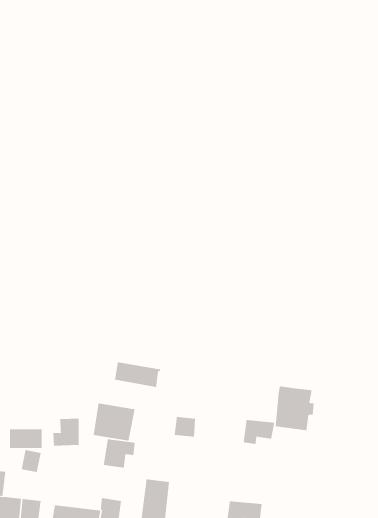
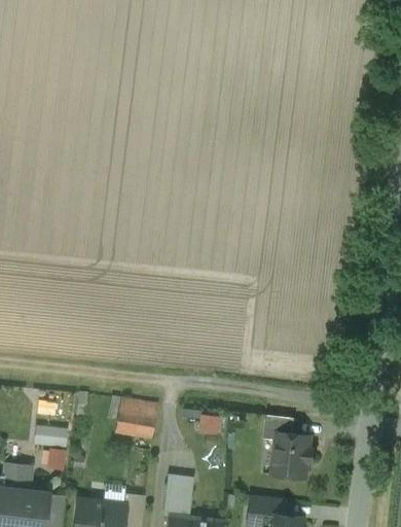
building: [115,362,161,388] -> none
building: [275,386,314,431] -> [274,434,313,479]
building: [53,418,79,447] -> none
building: [103,438,135,468] -> none

